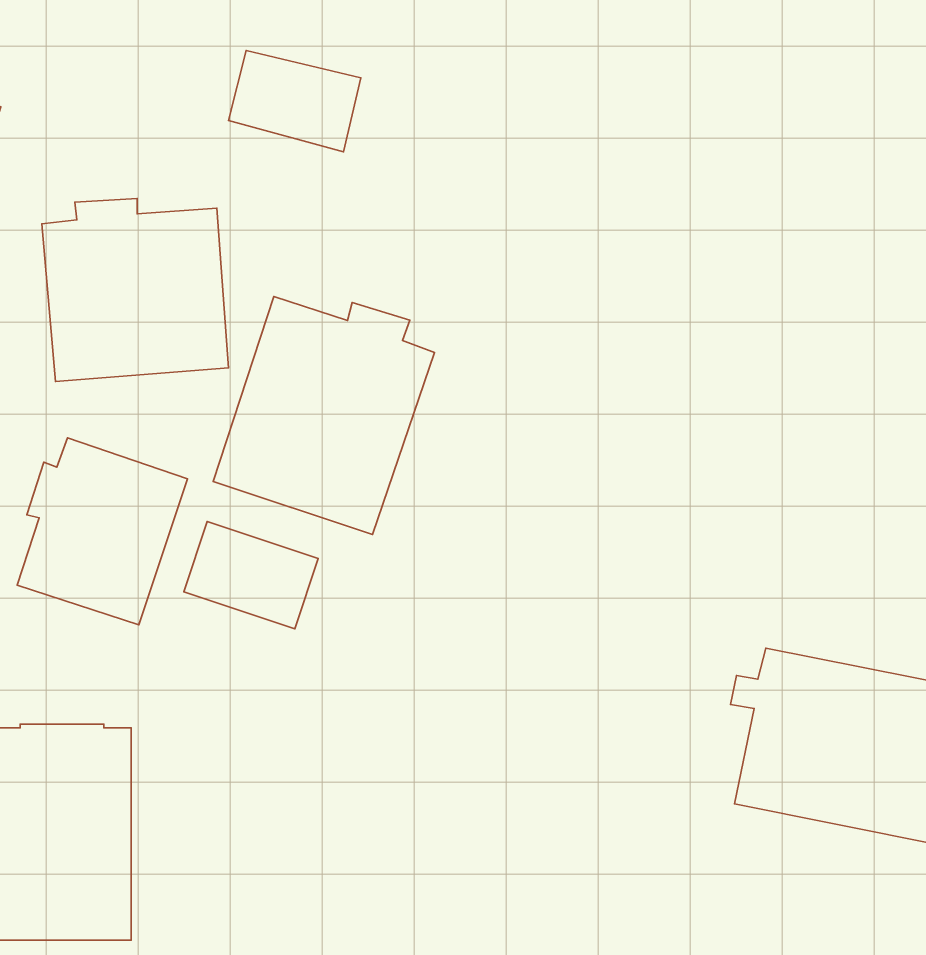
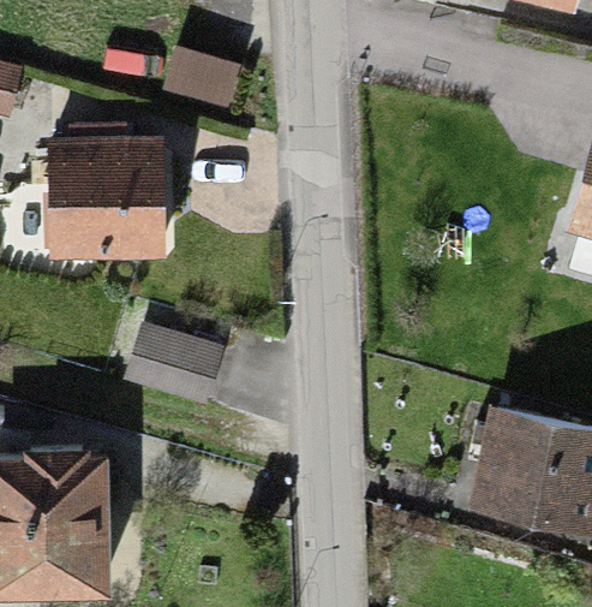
building: [213,297,434,535] -> none
building: [17,438,188,625] -> none

